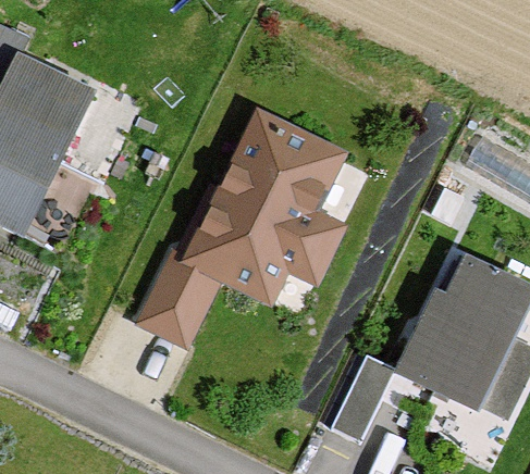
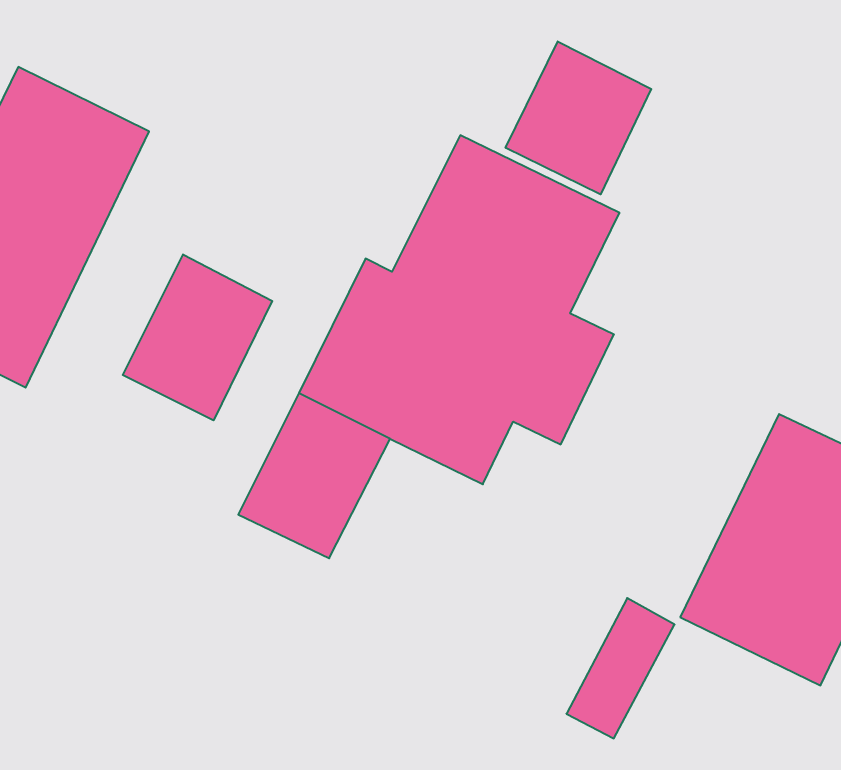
building: none -> [506,41,651,194]
building: none -> [123,254,272,420]

